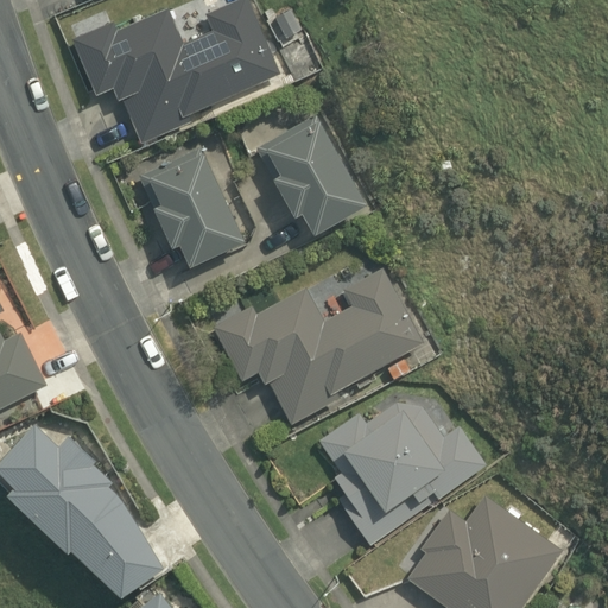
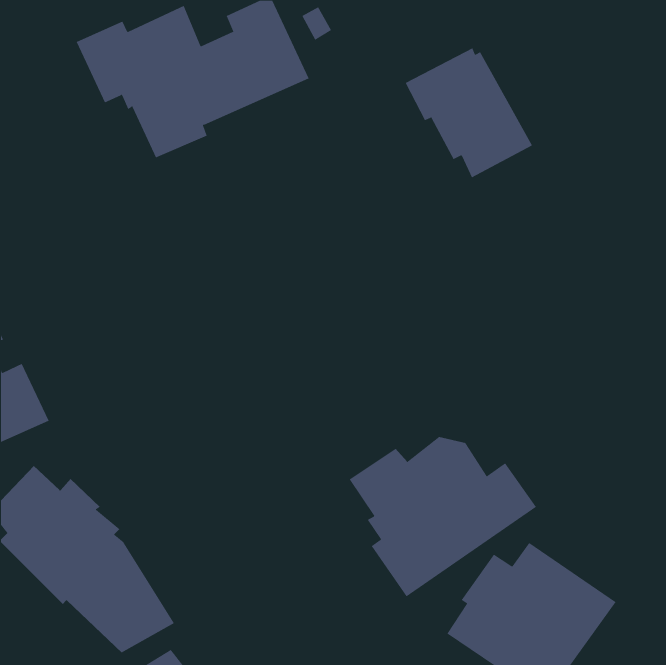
building: [252,115,368,234] -> [405,48,533,178]
building: [137,148,246,266] -> none
building: [213,268,425,423] -> none

